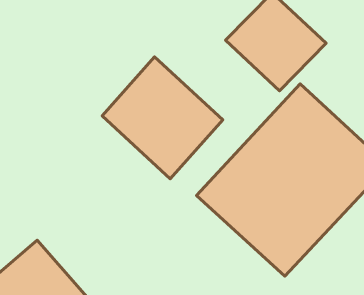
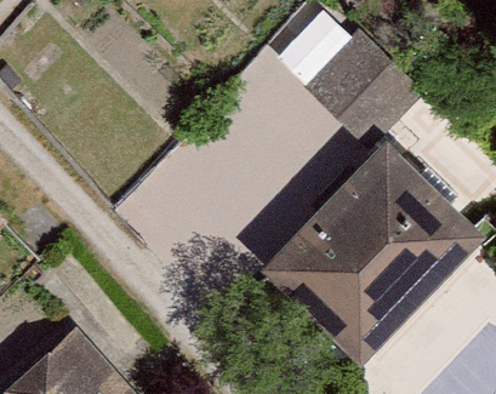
building: [102,57,223,179] -> none

